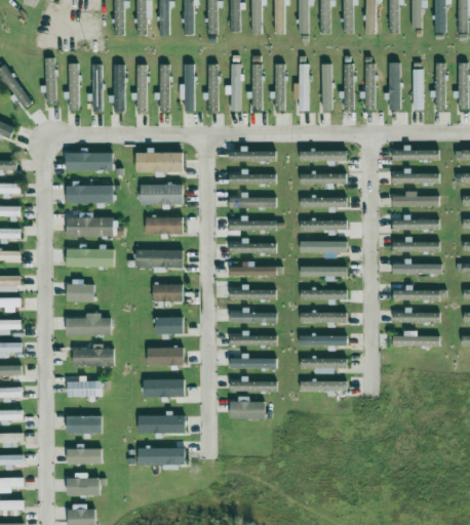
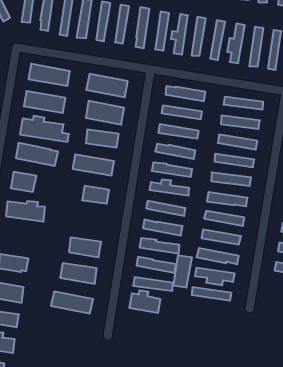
building: [155,317,184,333] -> none
building: [73,344,115,366] -> none
building: none -> [174,255,192,288]
building: [138,447,185,468] -> none

